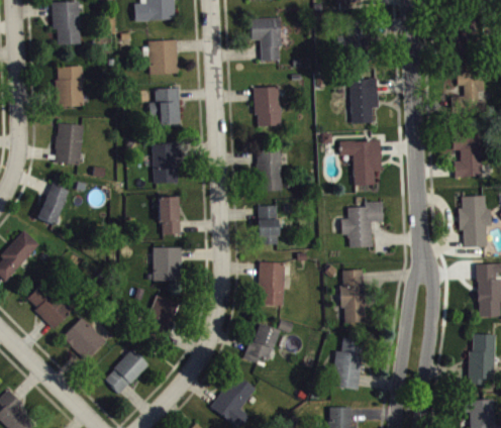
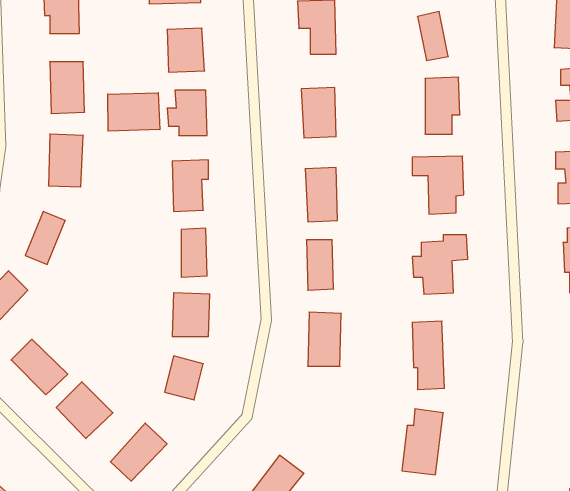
building: none -> [108,93,160,131]
building: [243,323,279,363] -> none

